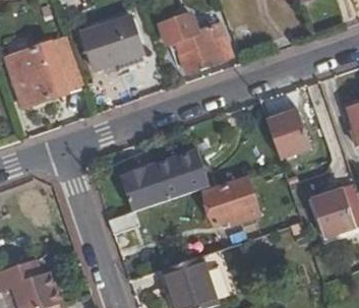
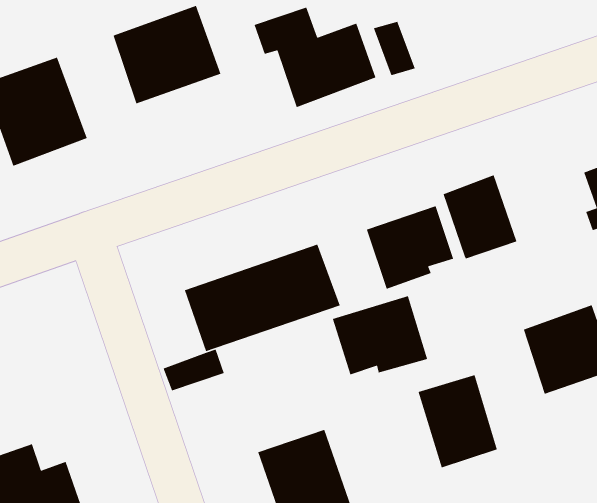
building: [48,36,84,89] -> none
building: none -> [366,205,454,290]
building: none -> [418,374,498,468]

